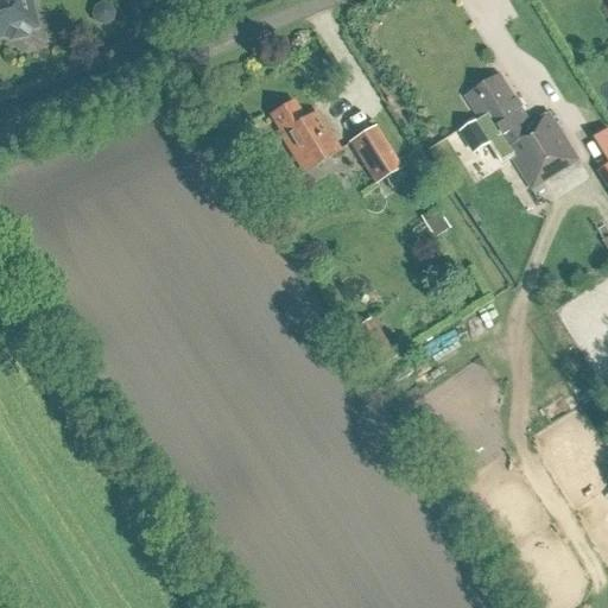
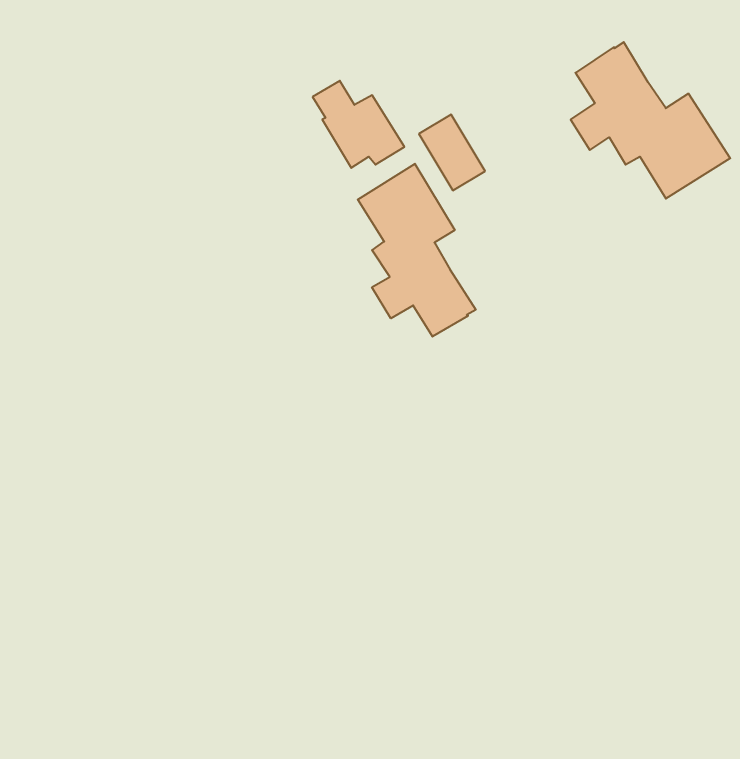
building: none -> [358,164,476,337]

